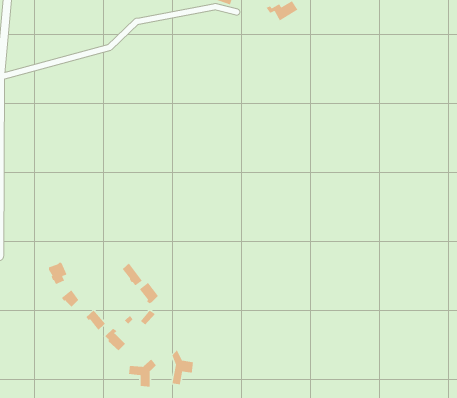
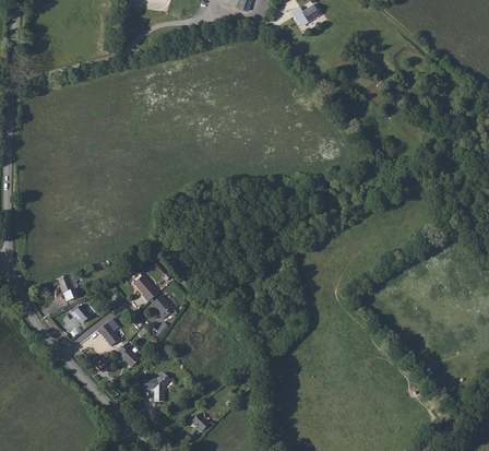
building: [172,349,194,385] -> none

